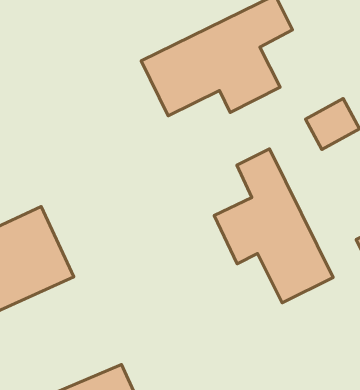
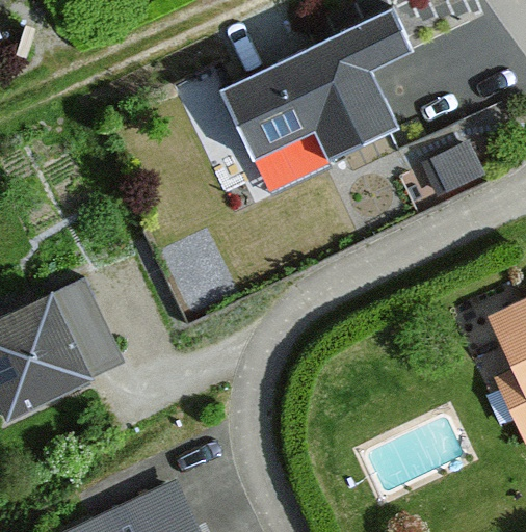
building: [214,149,333,303] -> none

